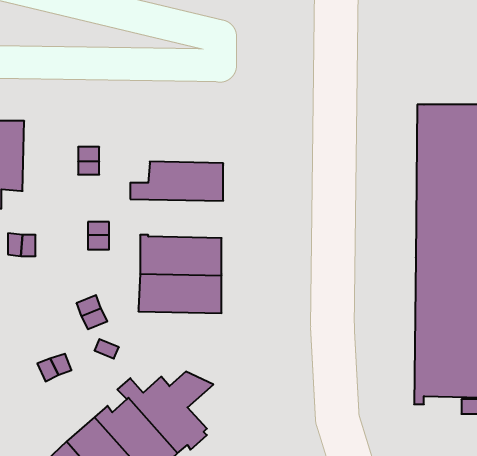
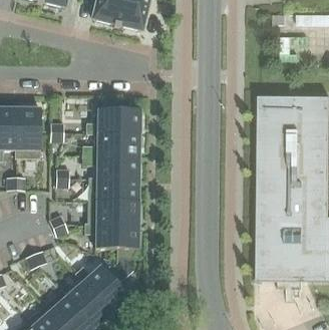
building: none -> [14,107,39,158]
building: none -> [85,108,139,133]
building: none -> [81,155,138,180]
building: none -> [83,223,137,270]

